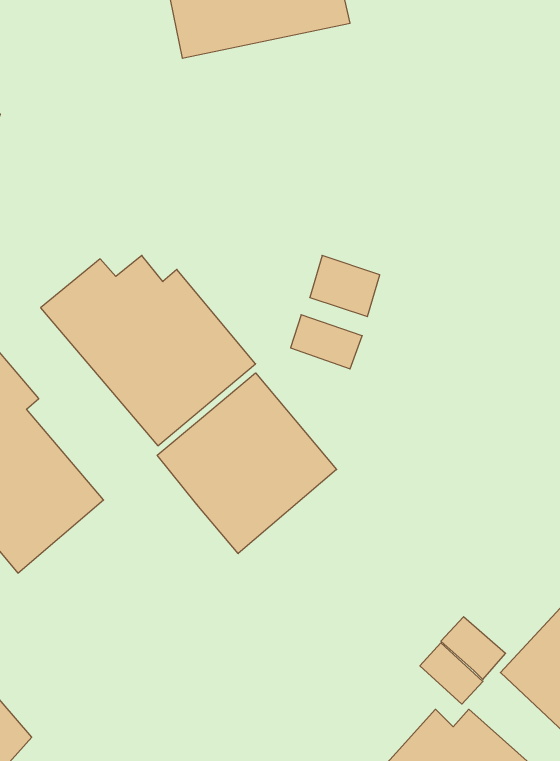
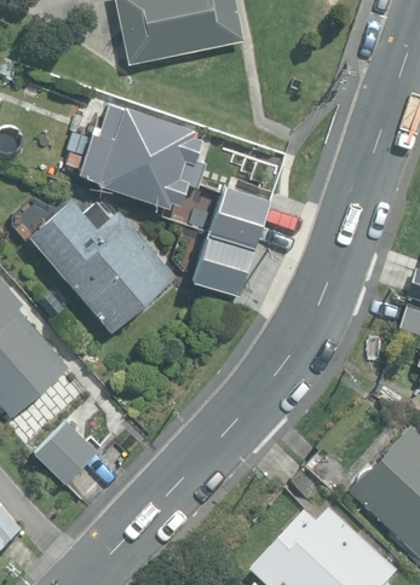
building: none -> [79,106,207,208]
building: [157,373,337,554] -> none
building: none -> [33,419,98,485]

